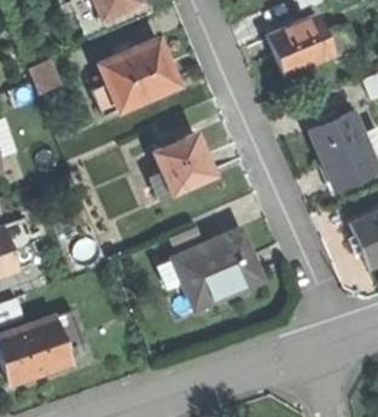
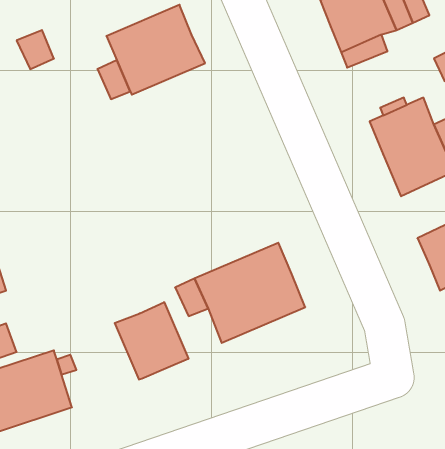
building: [153,134,216,198] -> none
building: none -> [115,302,188,380]

